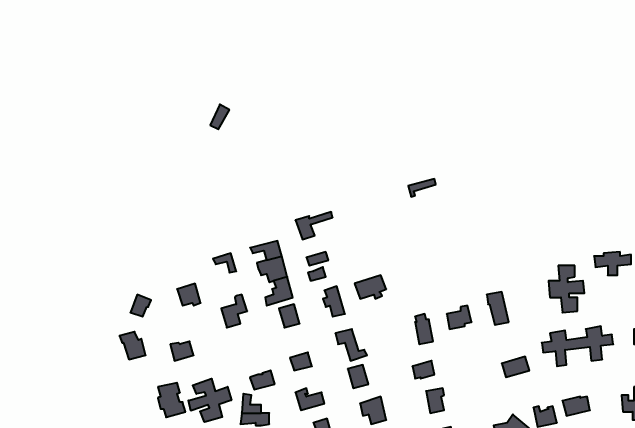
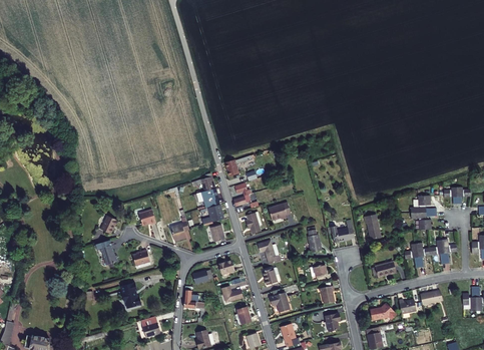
building: [188,379,231,422] -> none

